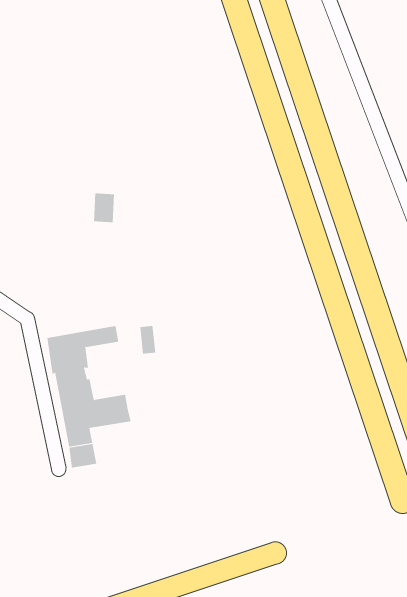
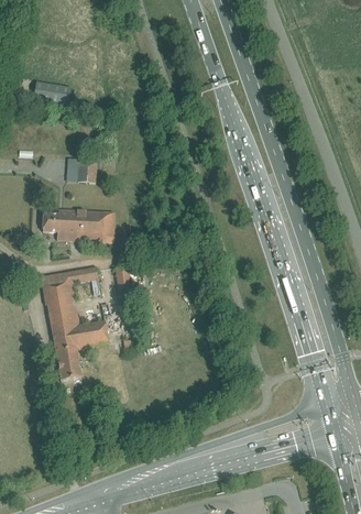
building: none -> [33,81,72,105]
building: none -> [43,209,116,242]

